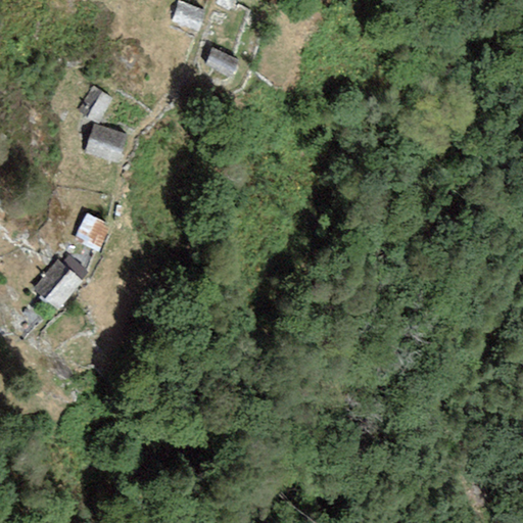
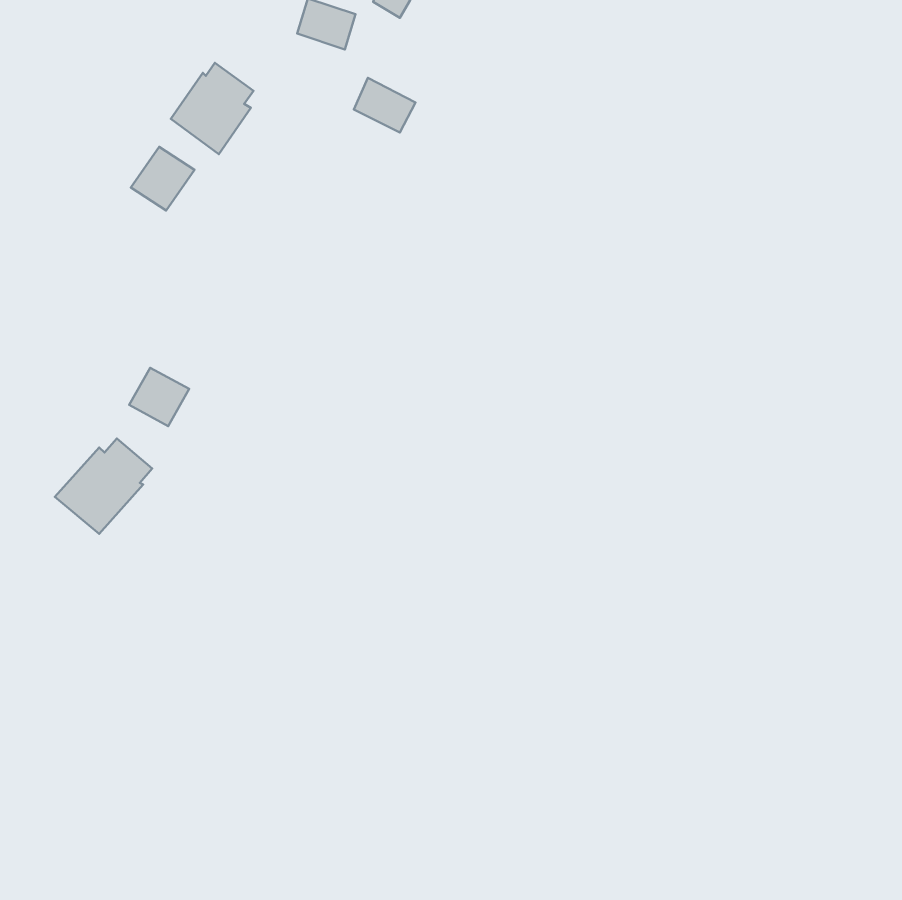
building: none -> [171,63,254,154]
building: [85,124,130,162] -> none

